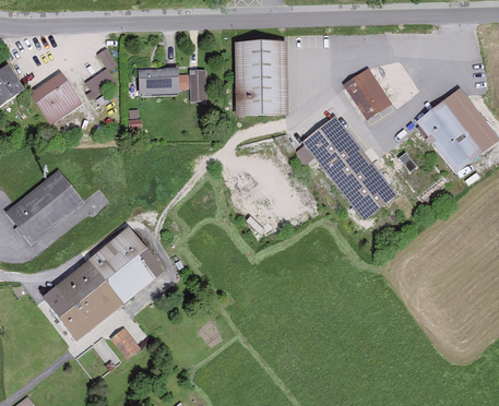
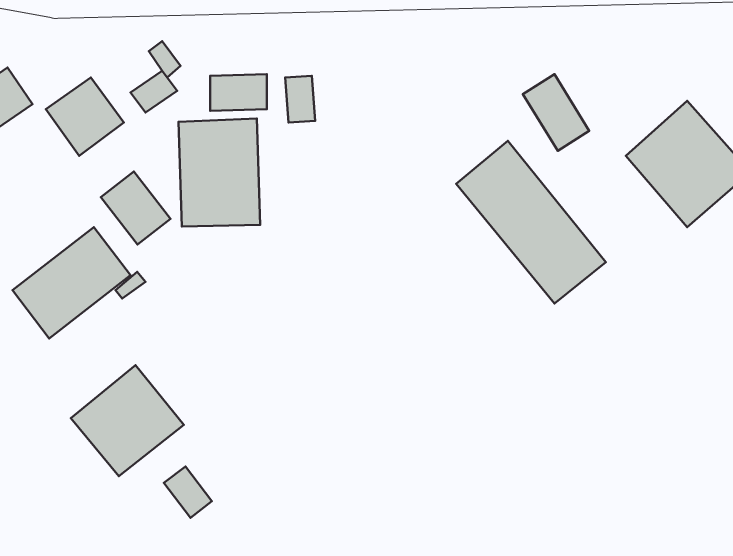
building: [229,44,283,115] -> [179,118,260,226]
building: none -> [101,171,171,244]
building: [90,229,163,301] -> none

